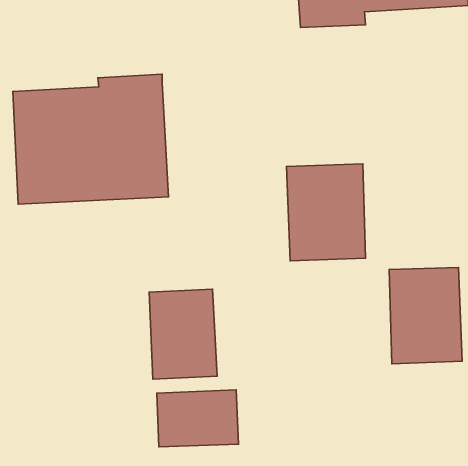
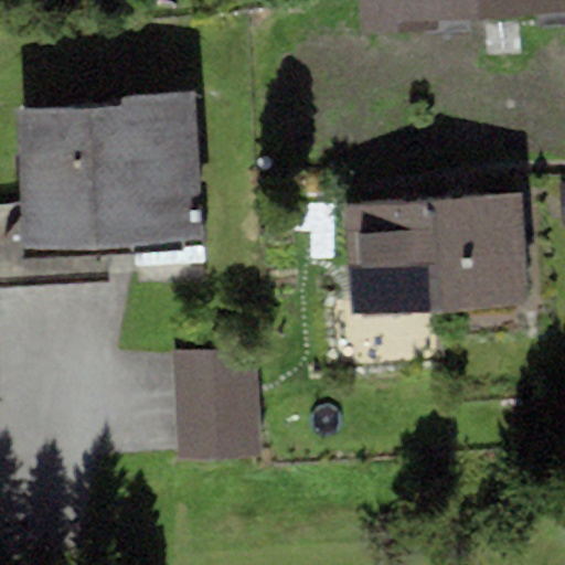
building: [389,268,462,364] -> [437,195,525,311]
building: [157,390,238,447] -> none

